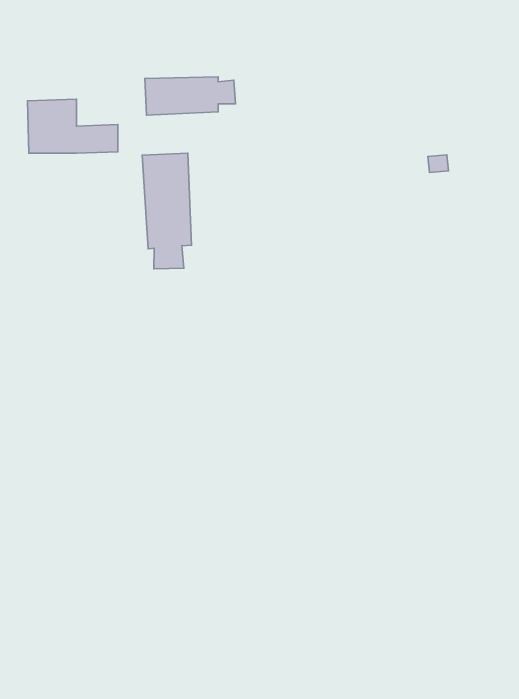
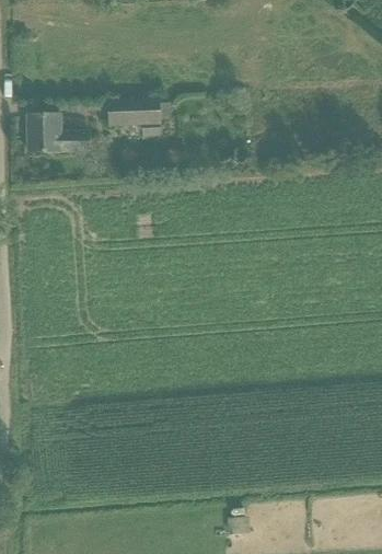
building: [142,153,192,269] -> none

